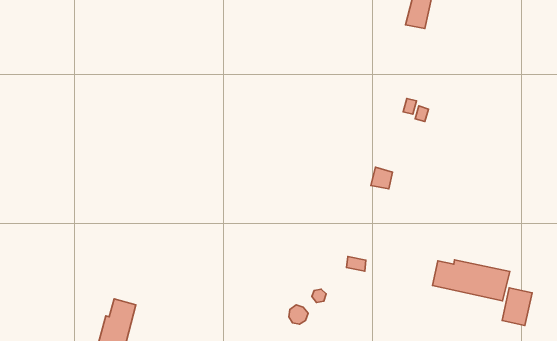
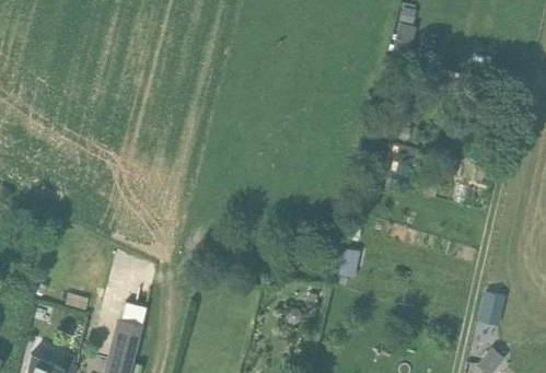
building: [433,260,510,301] -> none

